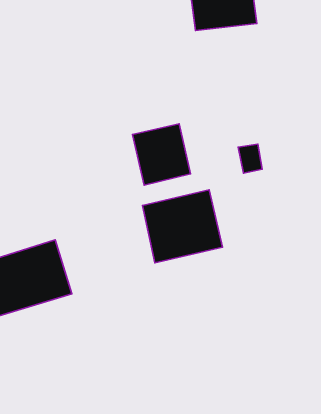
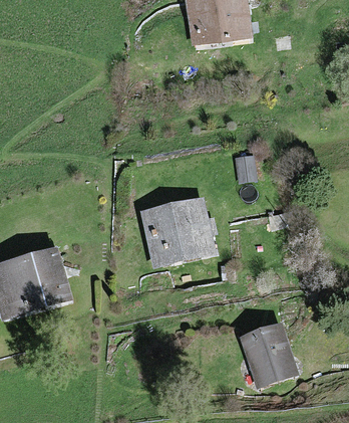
building: [133,124,191,185] -> none
building: none -> [240,322,298,385]

